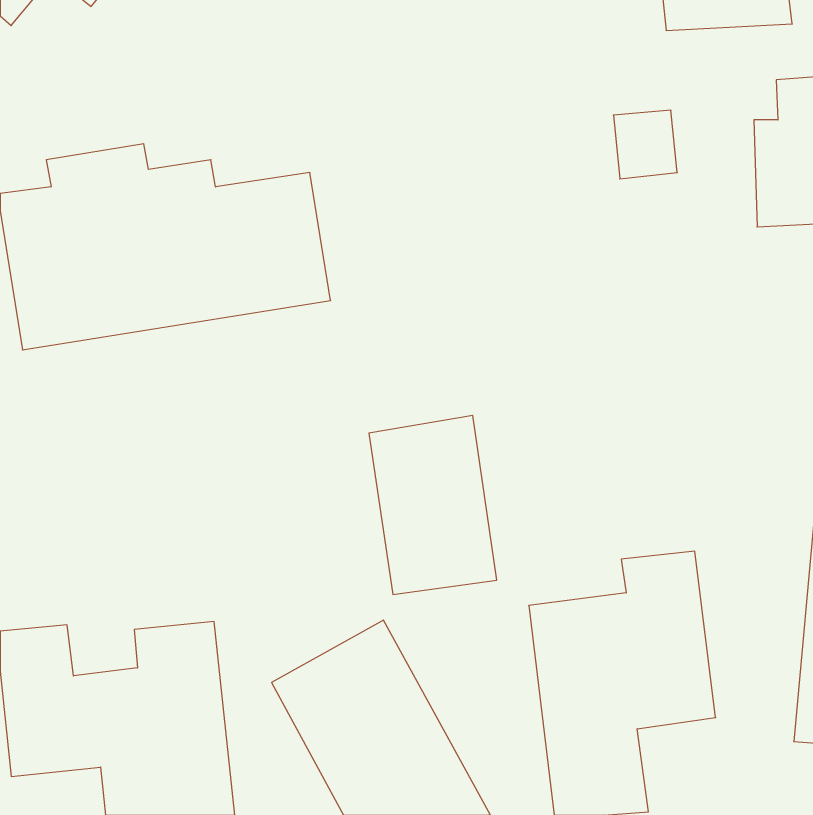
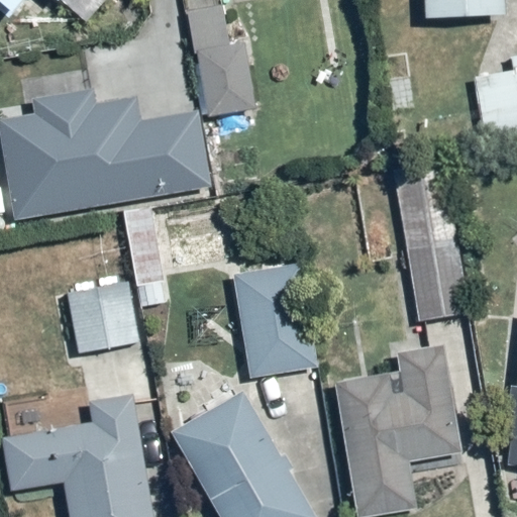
building: none -> [202,36,257,114]
building: none -> [396,177,464,324]
building: none -> [71,280,141,352]

